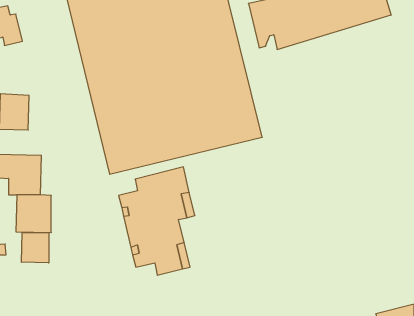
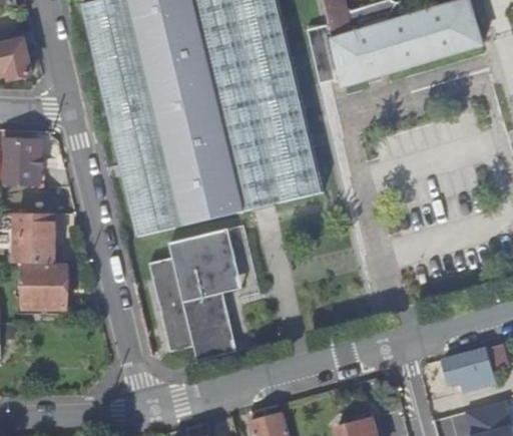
building: [21,233,49,263] -> none
building: none -> [443,349,490,384]

